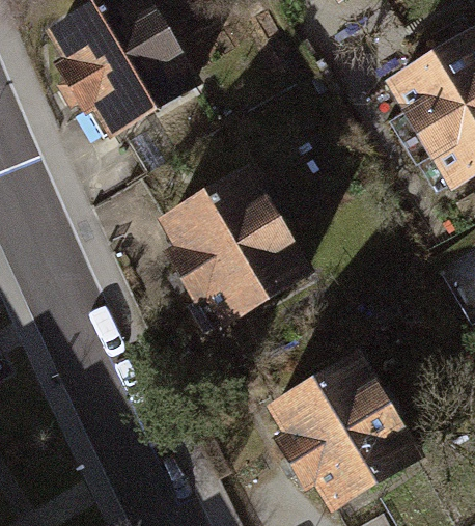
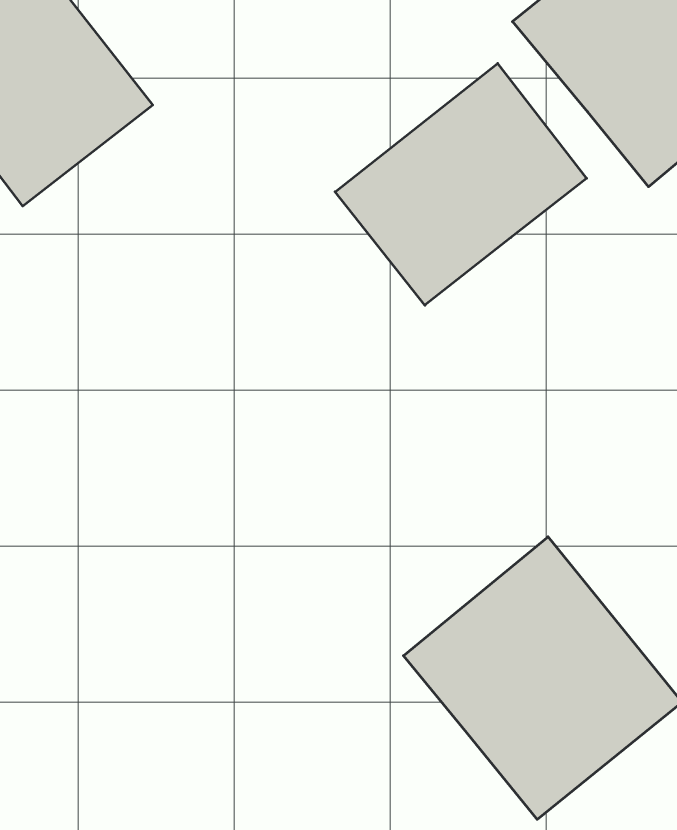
building: none -> [335,63,587,305]
building: [160,172,299,321] -> none

